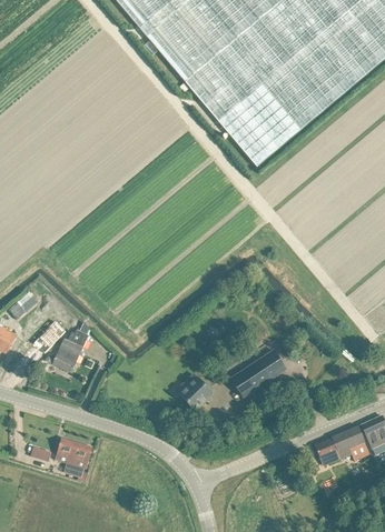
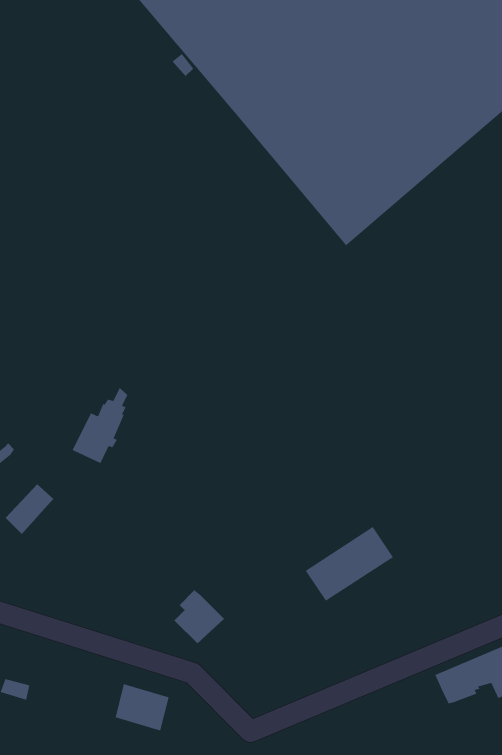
building: [53,322,90,372] -> [72,387,128,464]
building: [180,374,214,410] -> [174,590,225,644]
building: [57,438,92,469] -> [115,683,169,731]

